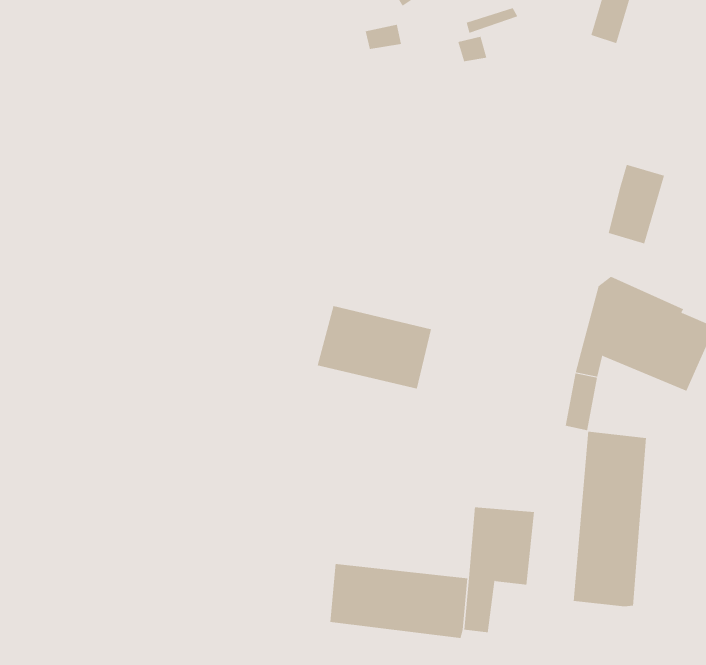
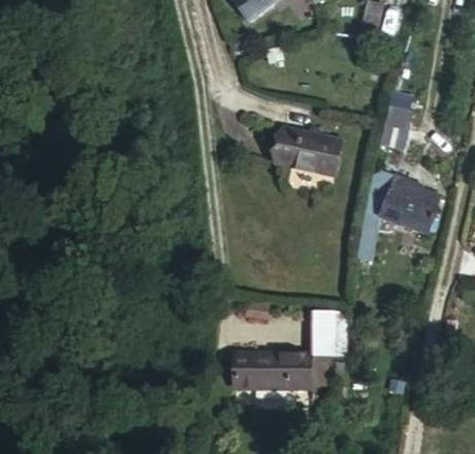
building: [317,305,432,389] -> [278,126,343,172]
building: [573,431,646,607] -> none

